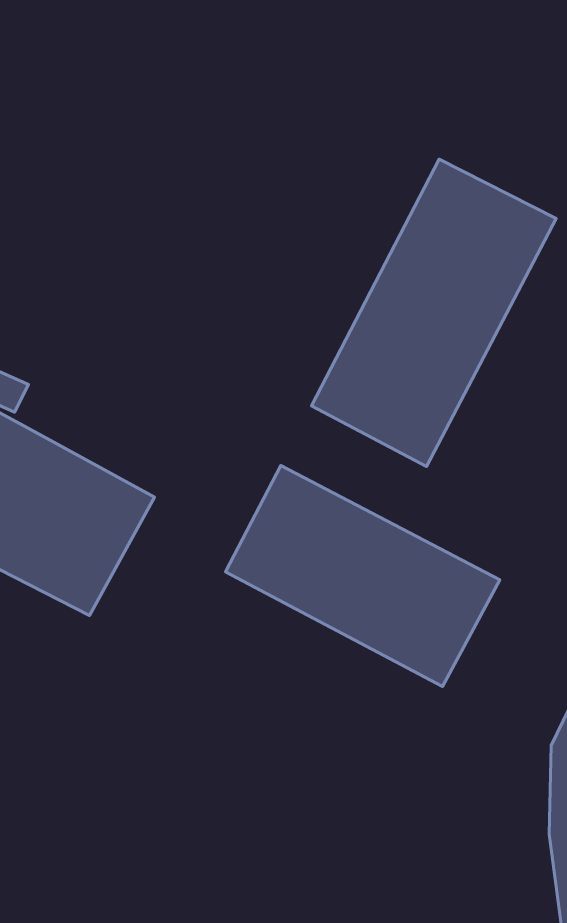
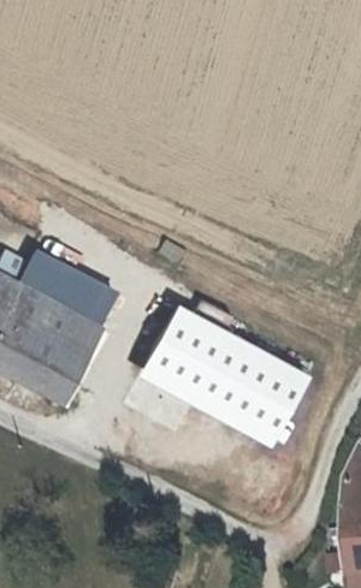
building: [311,159,556,466] -> none
building: none -> [19,249,118,327]

